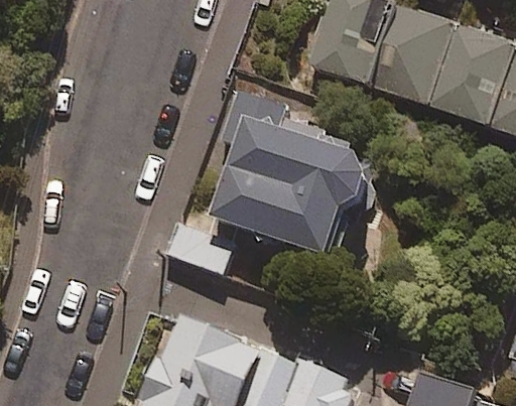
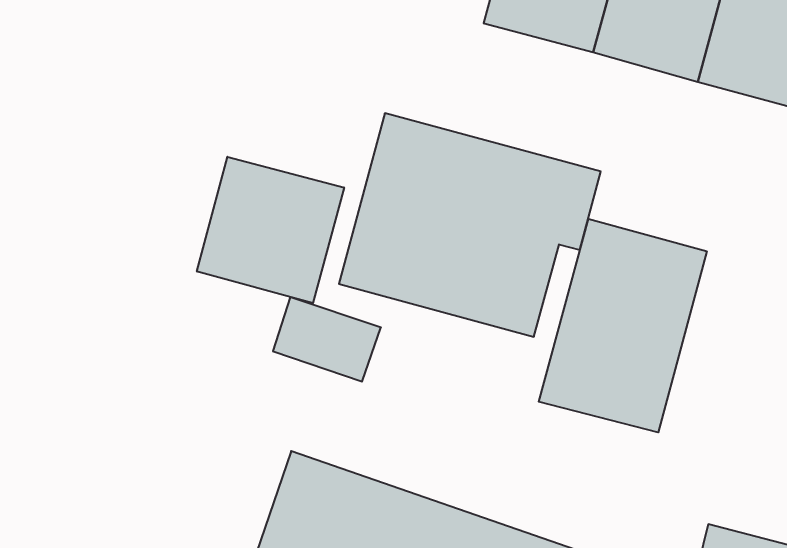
building: none -> [197,157,344,303]
building: none -> [539,219,707,432]

